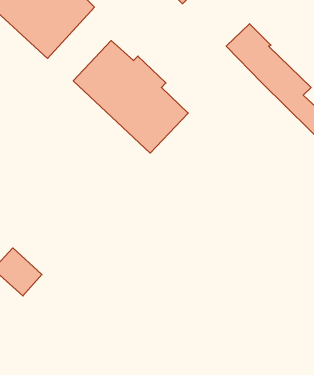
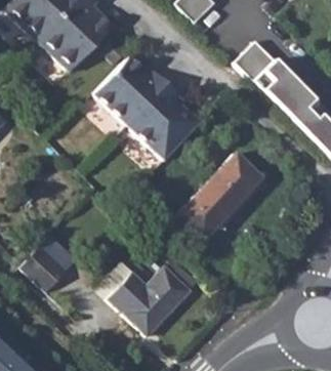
building: none -> [176,153,262,242]
building: none -> [106,267,190,335]

